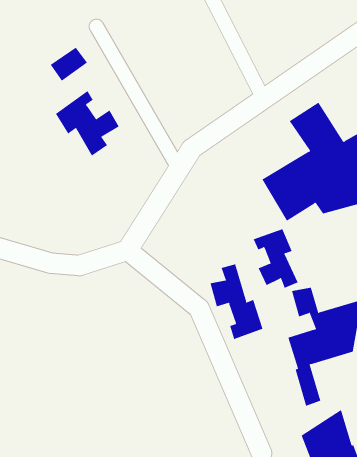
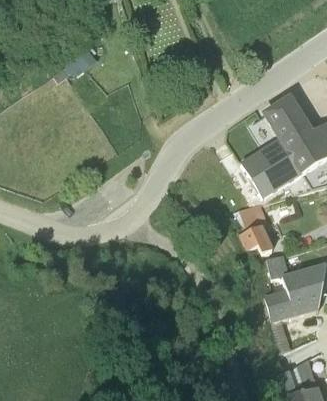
building: [55,90,119,156] -> none
building: [210,263,263,340] -> none

